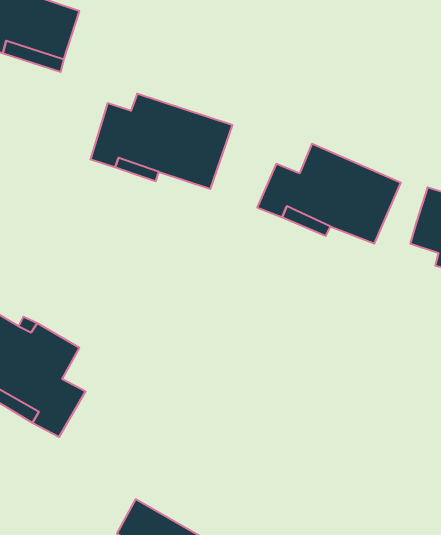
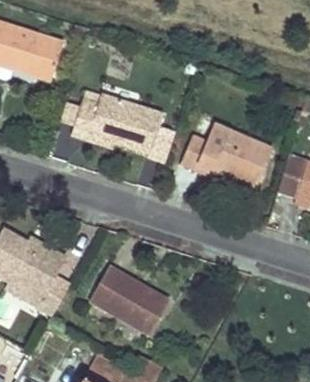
building: none -> [88,264,167,332]

